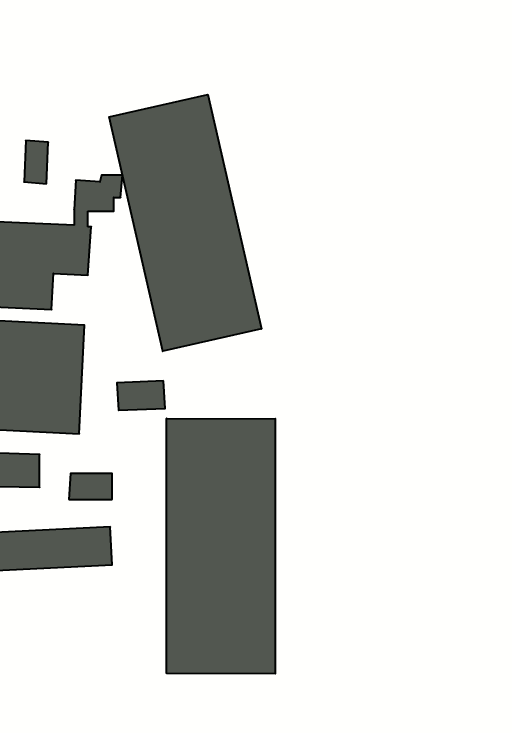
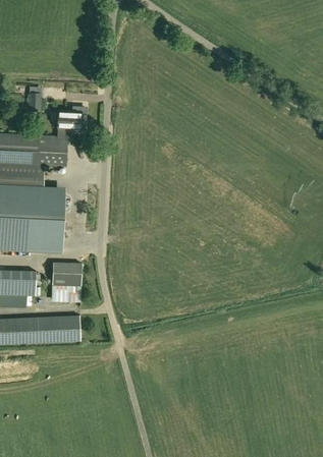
building: [109,95,261,351] -> none
building: [117,381,165,410] -> [54,265,83,282]
building: [167,418,275,674] -> none

